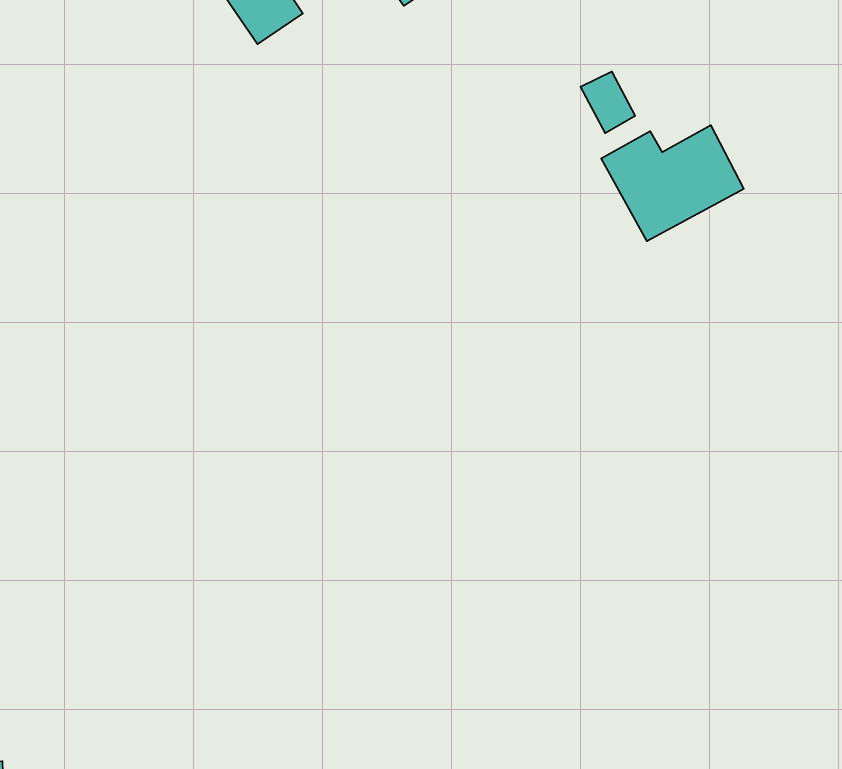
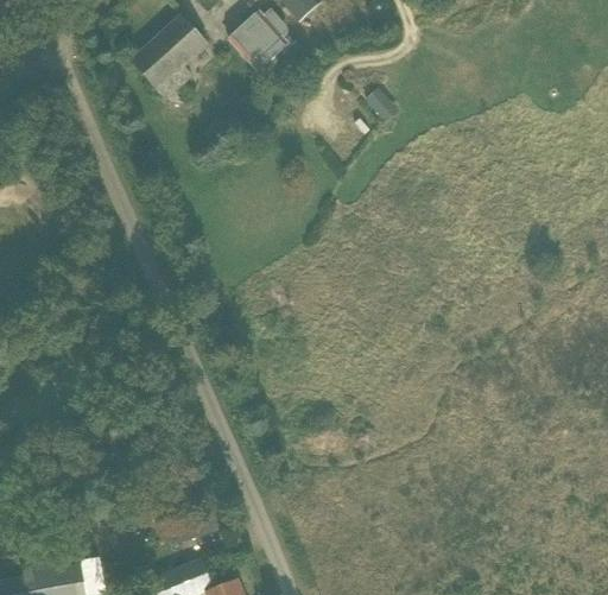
building: [601,125,744,241] -> none

